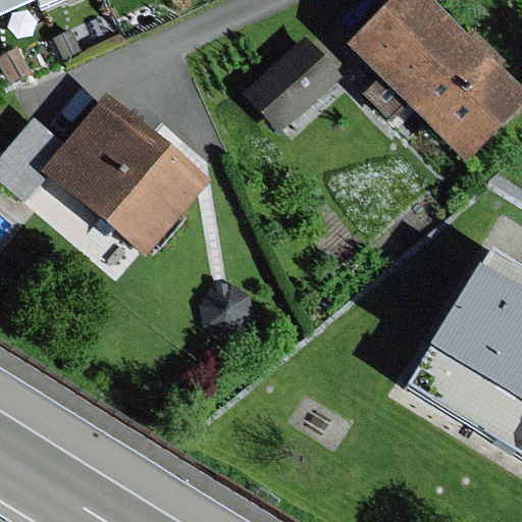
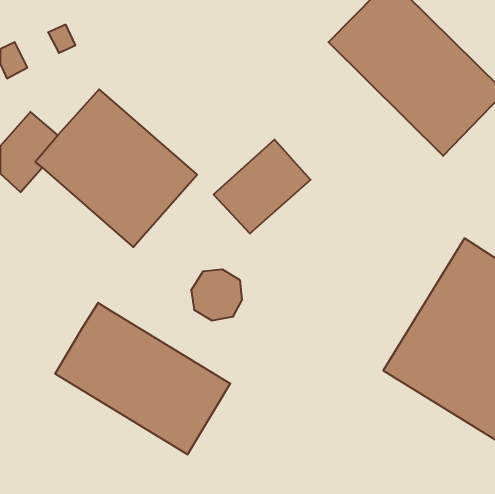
building: [245,33,346,130] -> [214,140,311,234]
building: none -> [55,303,230,455]

